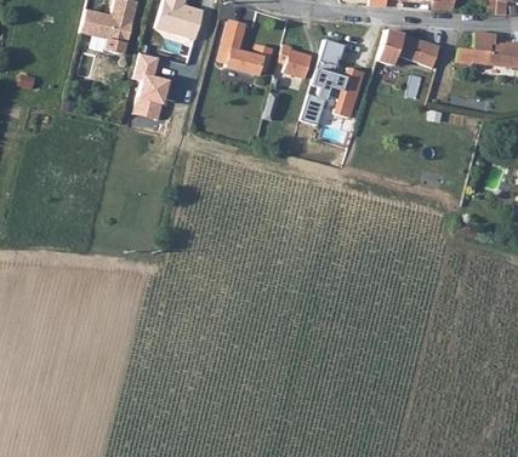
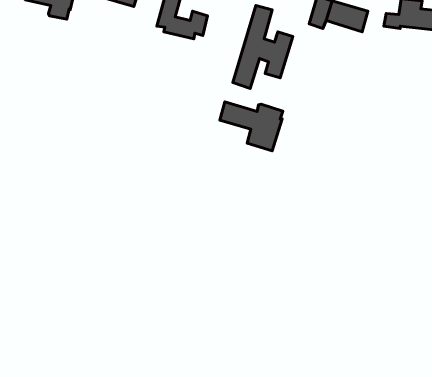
building: [278,45,311,81] -> none
building: [132,52,169,121] -> none
building: none -> [220,102,283,151]

